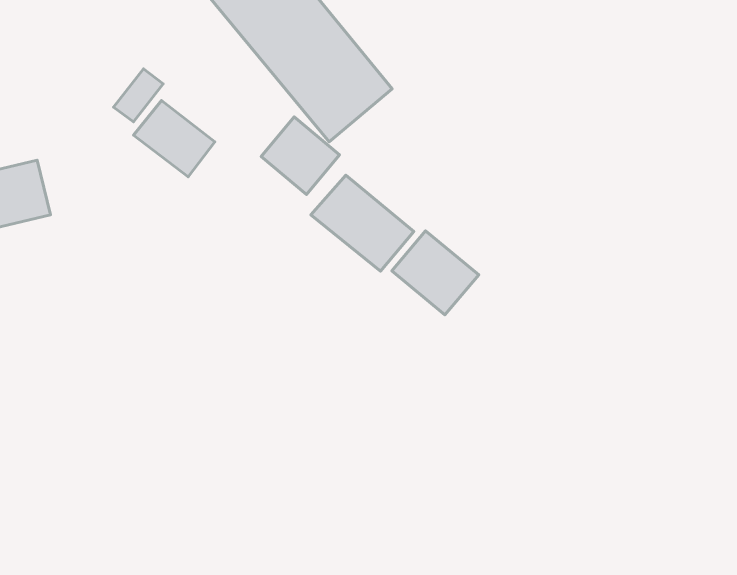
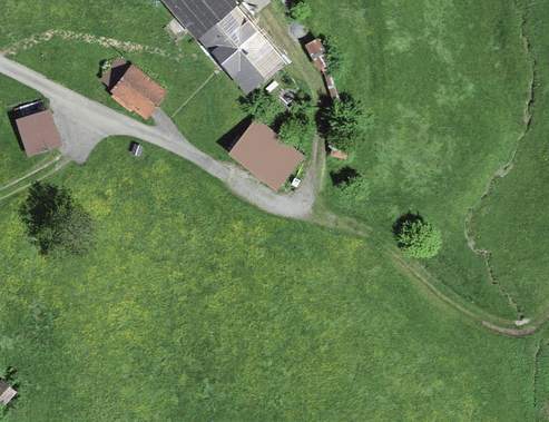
building: [261,117,339,194] -> none
building: [392,231,479,315] -> none

